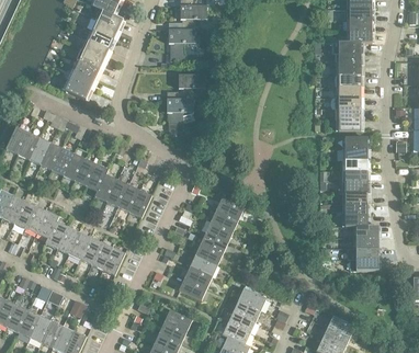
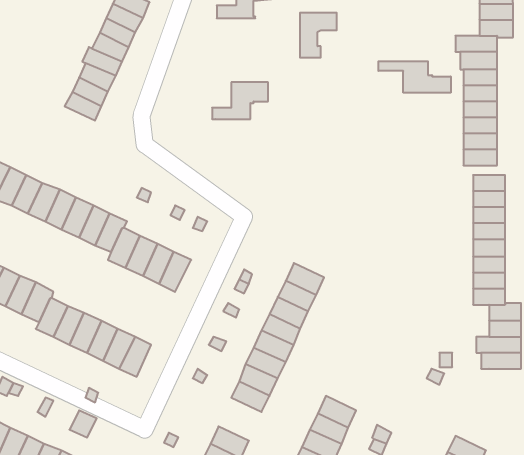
building: [170,30,195,60] -> [300,13,337,58]
building: none -> [378,61,451,93]
building: [168,99,193,130] -> none

